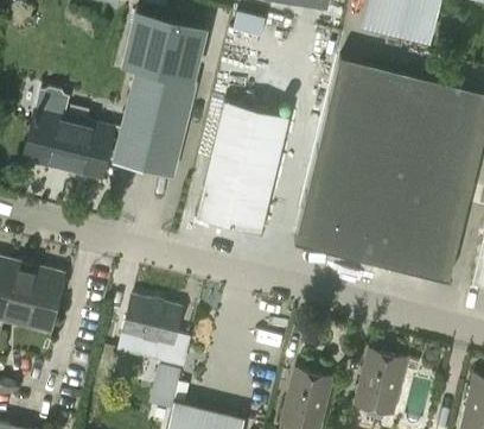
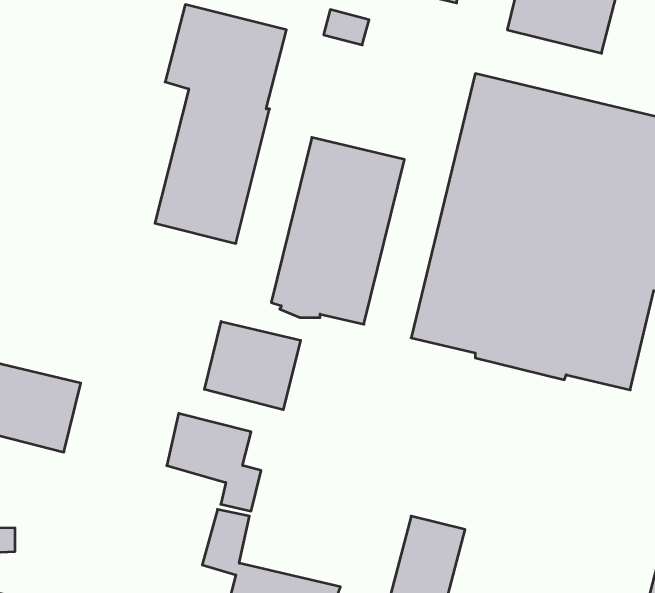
building: [27,92,113,177] -> none
building: none -> [204,321,301,410]
building: [356,352,407,416] -> none

